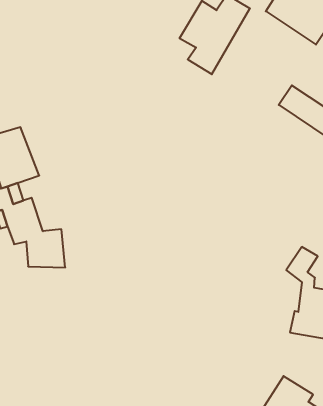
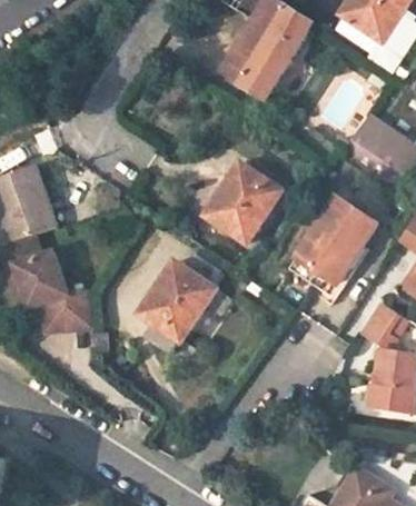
building: none -> [207,159,288,240]
building: none -> [297,195,374,280]
building: none -> [140,248,231,357]

